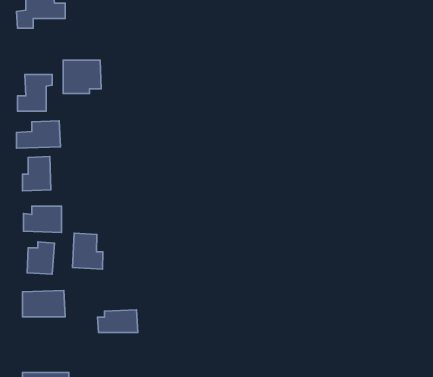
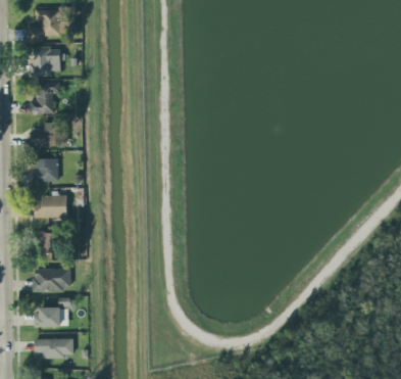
building: [63,60,101,93] -> [30,47,62,76]
building: [72,233,103,269] -> none
building: [97,310,138,333] -> [34,306,68,326]

